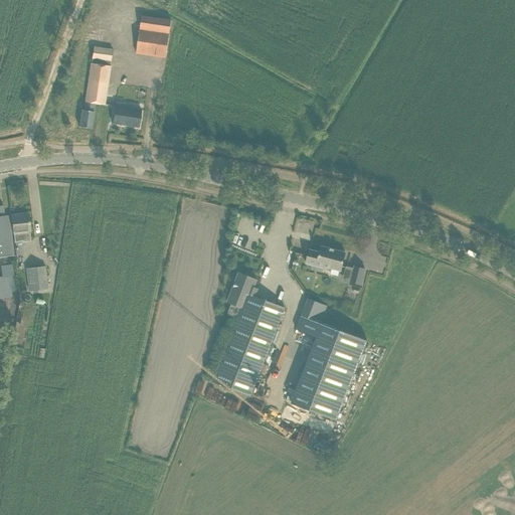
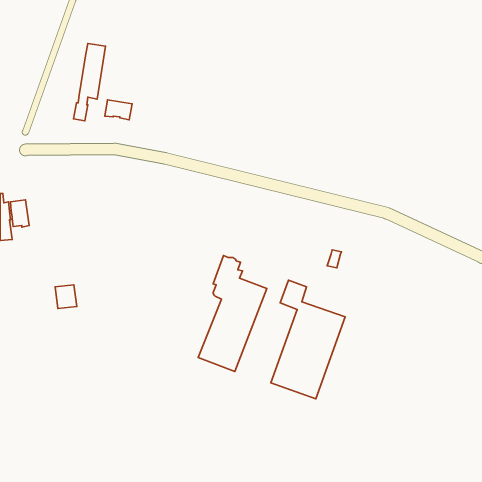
building: [136,16,171,57] -> none
building: [306,246,345,271] -> none
building: [25,267,48,292] -> [55,285,77,309]

